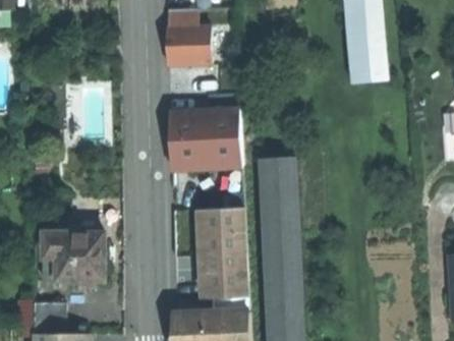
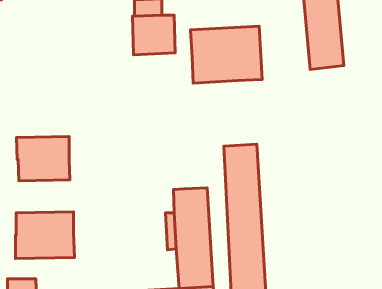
building: [166,109,241,169] -> [190,26,262,83]
building: none -> [17,137,70,181]

